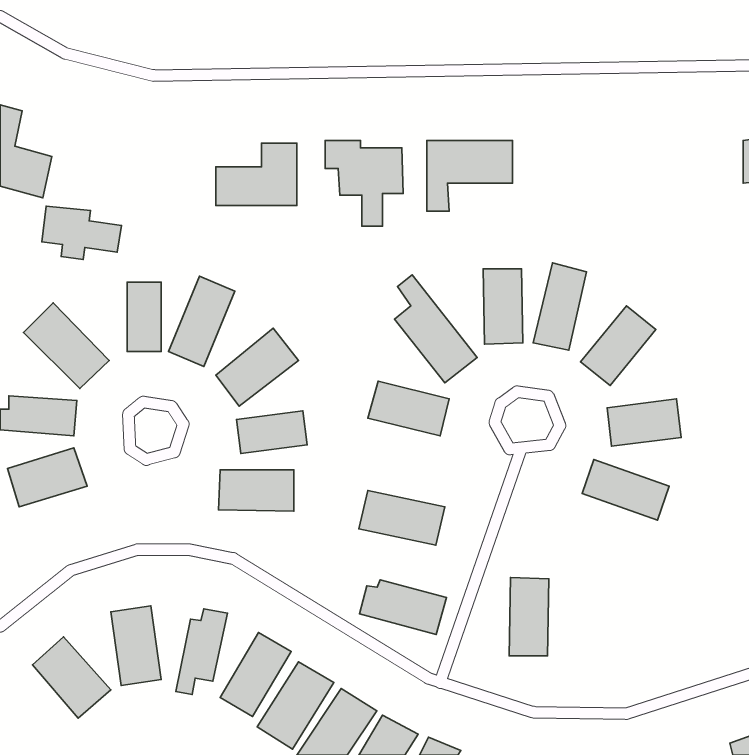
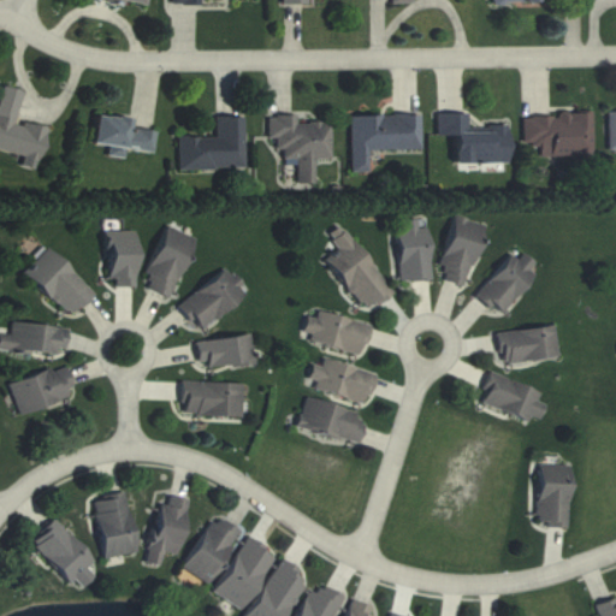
building: none -> [438,112,509,162]
building: none -> [526,112,594,155]
building: [42,206,122,259] -> [93,114,158,158]
building: [509,577,549,656] -> [538,463,570,527]
building: [359,580,447,634] -> [307,360,378,404]

